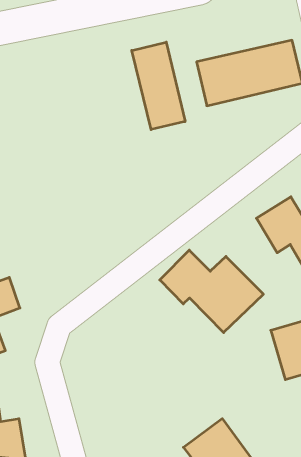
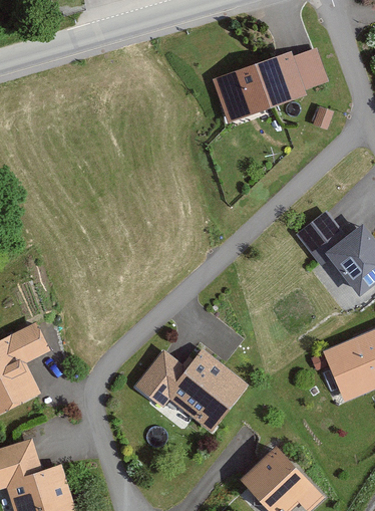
building: [132,42,185,130] -> none
building: [160,250,263,333] -> [137,348,248,432]

